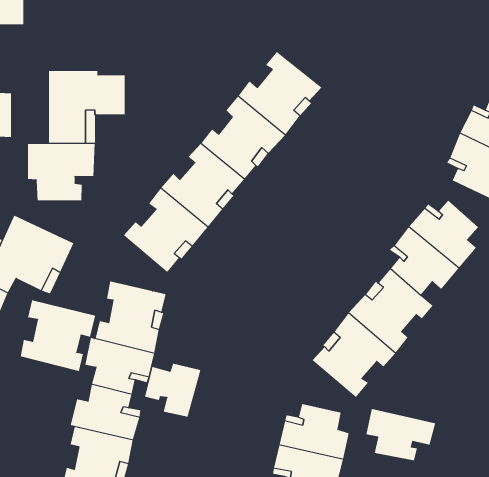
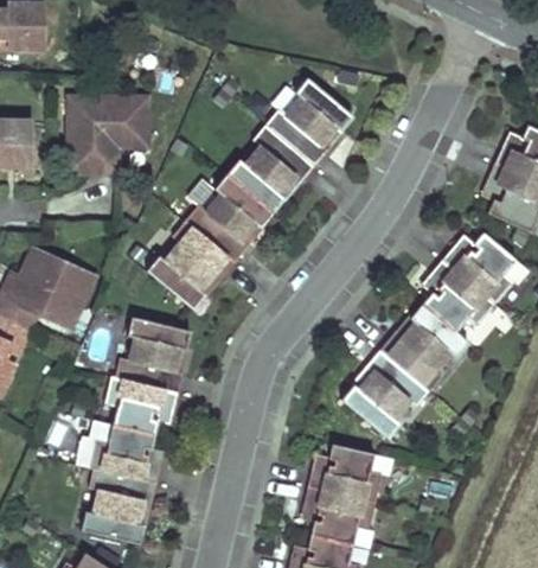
building: [28,143,95,201] -> none
building: [20,299,96,372] -> none
building: [144,363,201,417] -> none
building: [366,408,436,461] -> none

